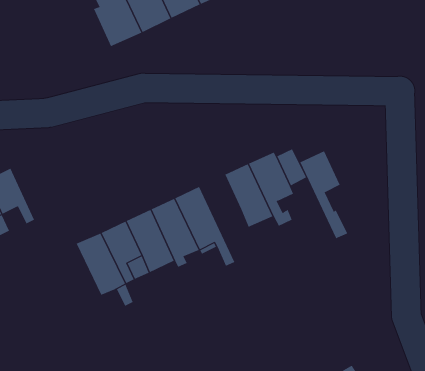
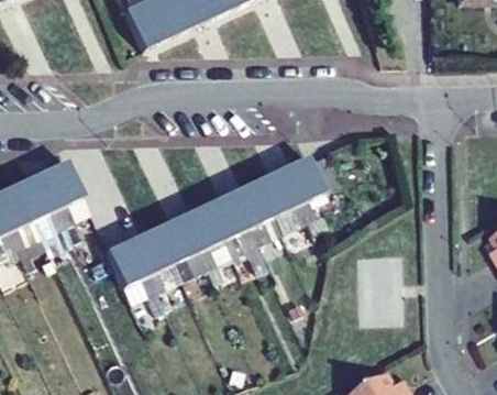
building: [299,150,348,239] -> [231,179,280,270]
building: none -> [40,161,89,242]

